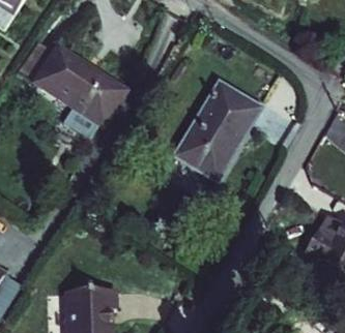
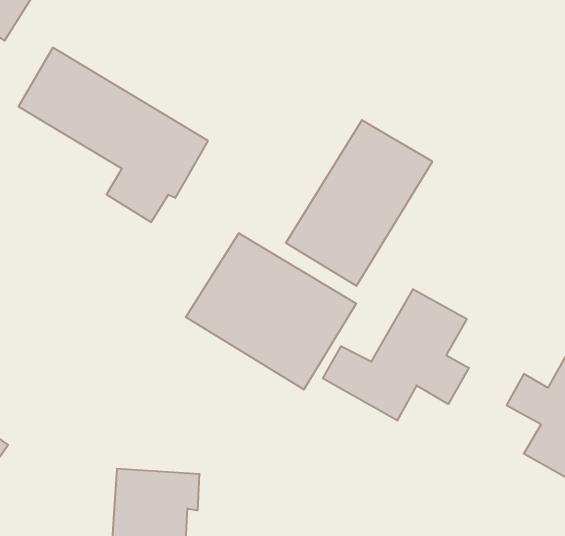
building: none -> [186,233,356,390]
building: none -> [323,289,469,421]

